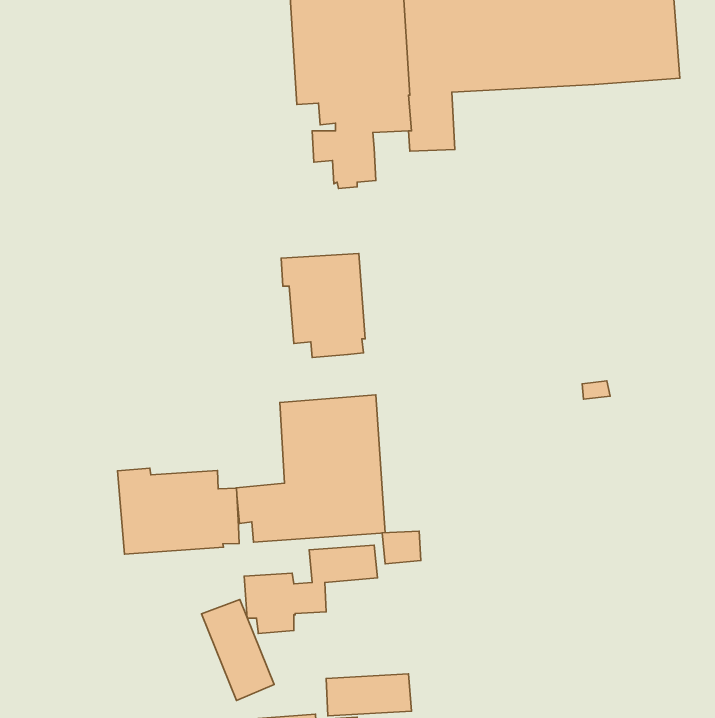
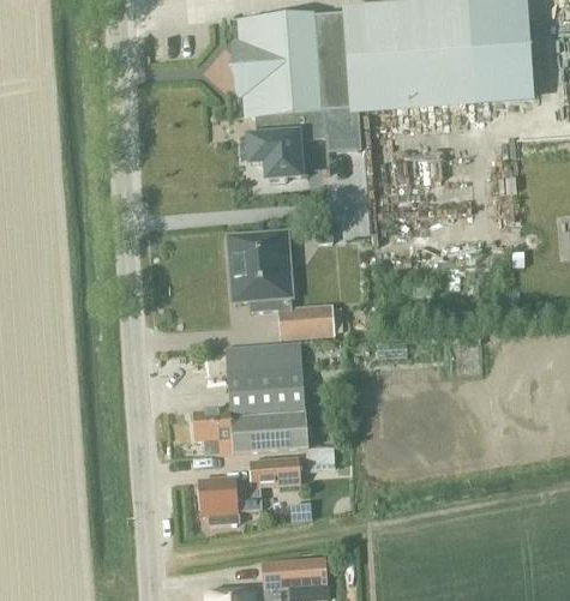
building: none -> [278,303,334,337]
building: [118,468,239,554] -> none
building: [202,600,274,700] -> none

